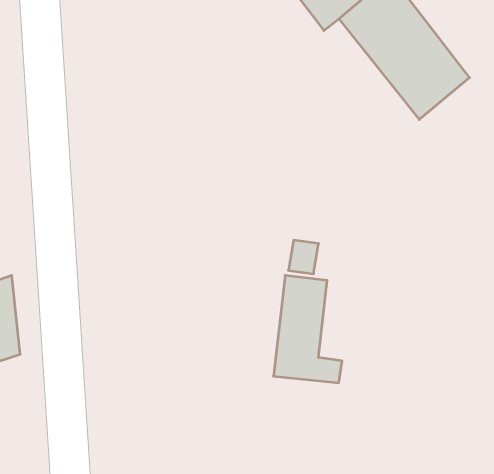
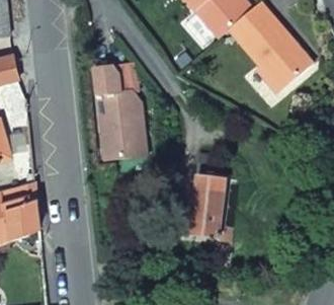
building: none -> [91,54,139,148]

